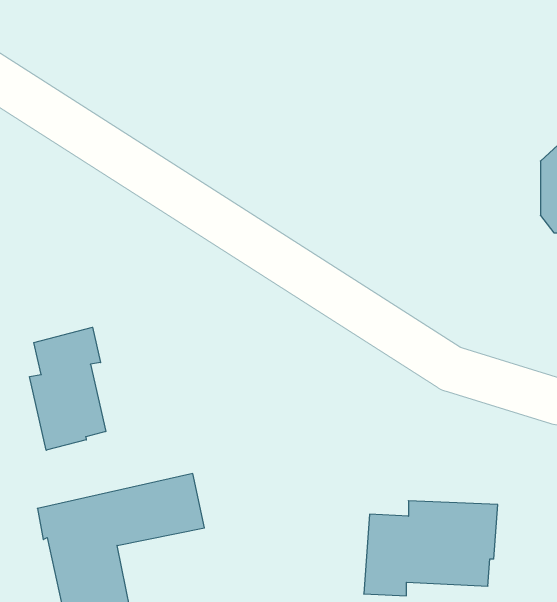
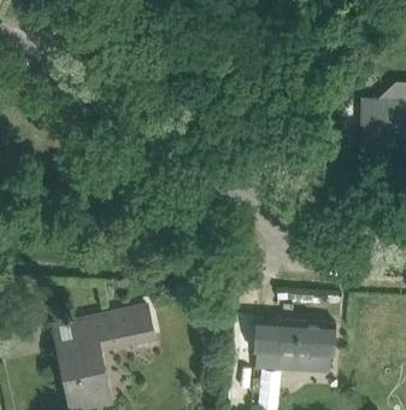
building: [30,327,106,450] -> none

